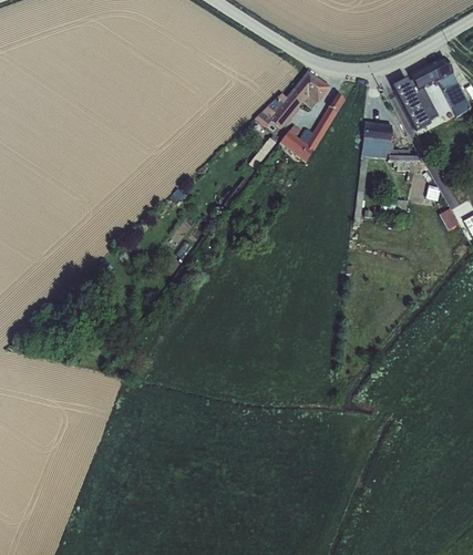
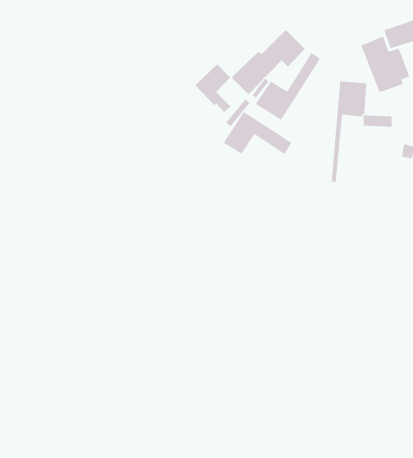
building: none -> [195,63,231,113]
building: none -> [223,111,292,155]

